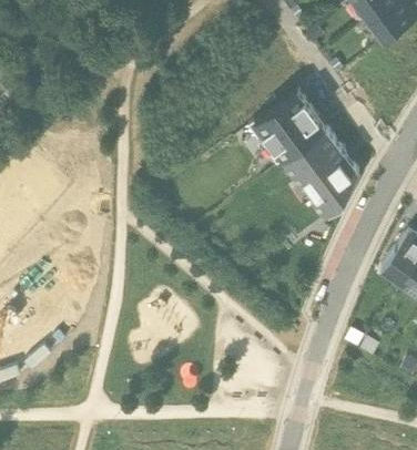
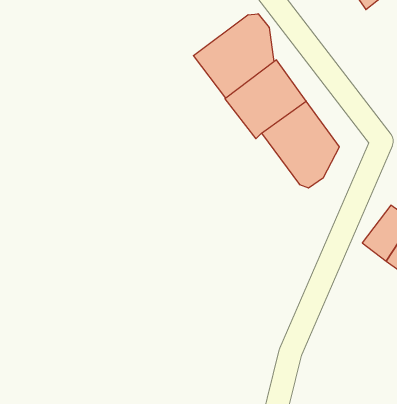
building: none -> [193,14,274,98]

